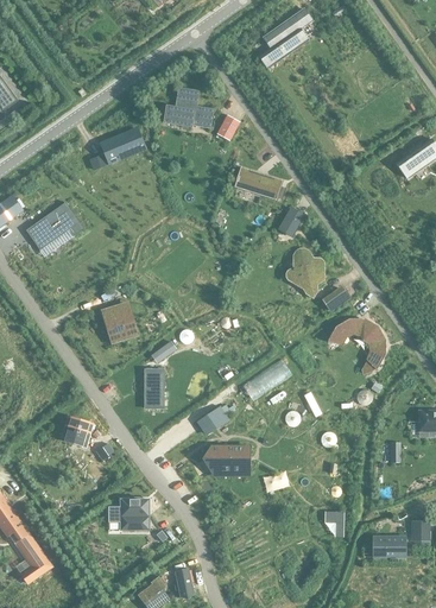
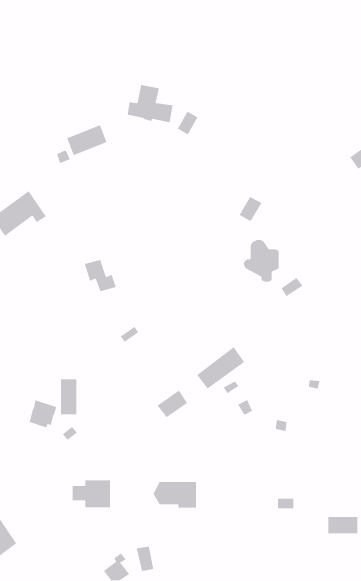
building: [259,10,311,66] -> none
building: [234,167,285,200] -> none
building: [102,305,137,340] -> [84,259,117,292]
building: [329,319,384,375] -> none
building: [145,369,163,407] -> [60,379,77,415]
building: [203,446,249,475] -> [152,481,197,509]

